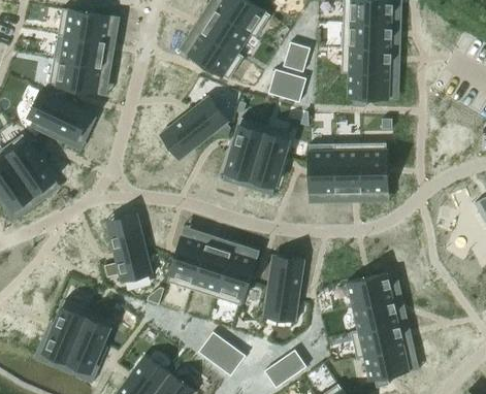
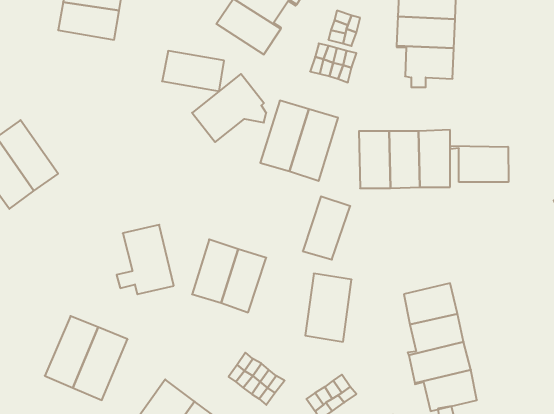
building: [48,59,101,93] -> [162,51,224,91]
building: [29,92,87,138] -> none
building: none -> [450,146,508,182]
building: [215,252,255,305] -> [303,196,350,260]

